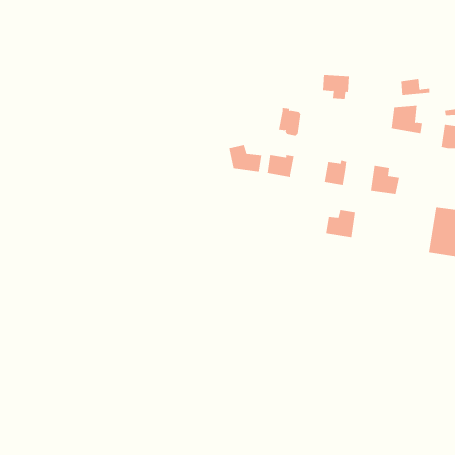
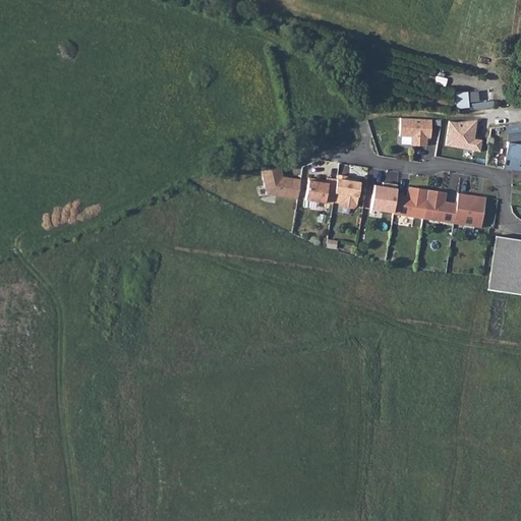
building: [322,75,350,99] -> [400,118,431,147]
building: [278,107,301,136] -> [333,175,359,208]
building: none -> [453,193,485,228]
building: [325,209,356,238] -> [393,186,427,219]

